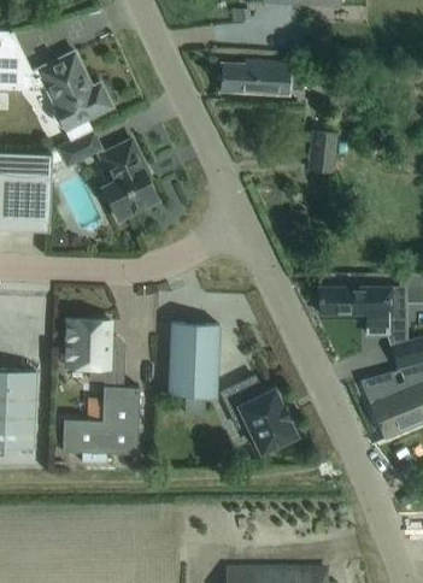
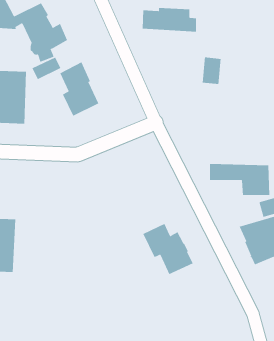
building: [65,317,125,381] -> none
building: [169,322,219,396] -> none
building: [61,385,140,454] -> none

